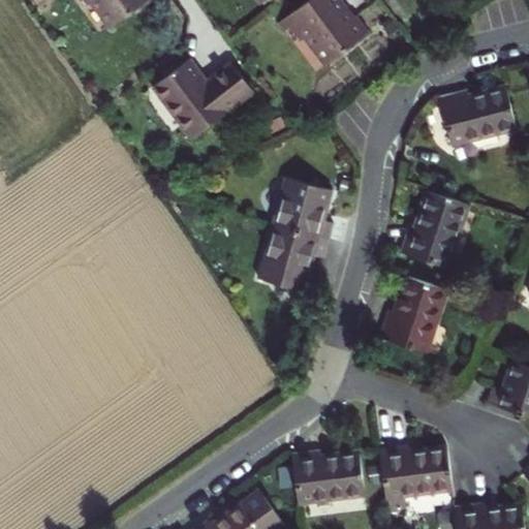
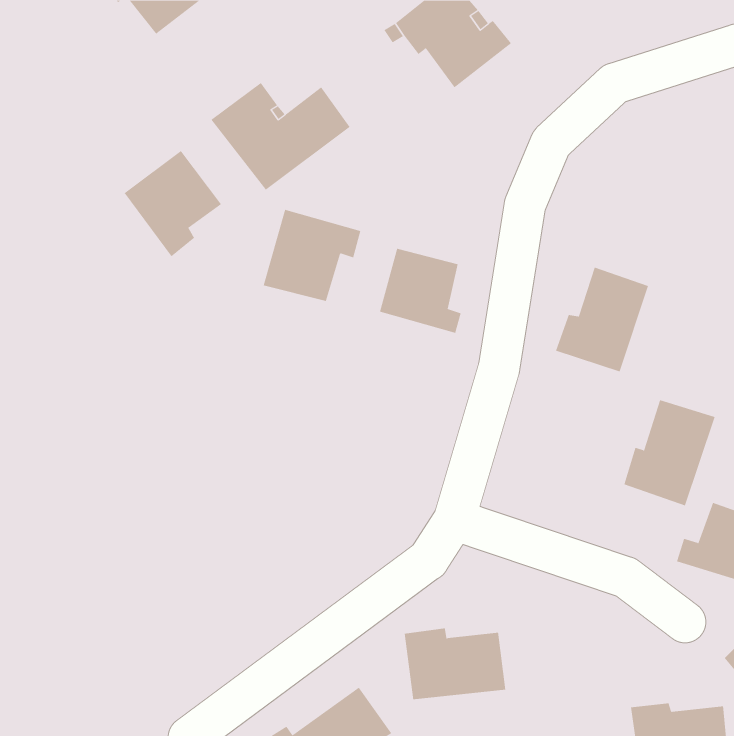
building: [439,88,516,146] -> none
building: none -> [124,150,222,257]
building: [258,224,329,290] -> [263,209,361,302]
building: [379,277,445,353] -> [623,399,716,506]
building: [380,445,452,498] -> none

